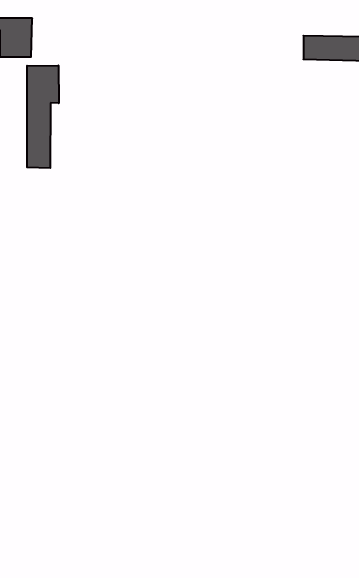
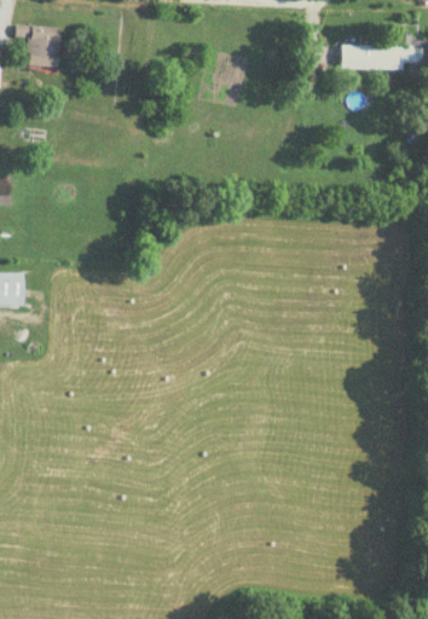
building: [27,65,59,168] -> none

